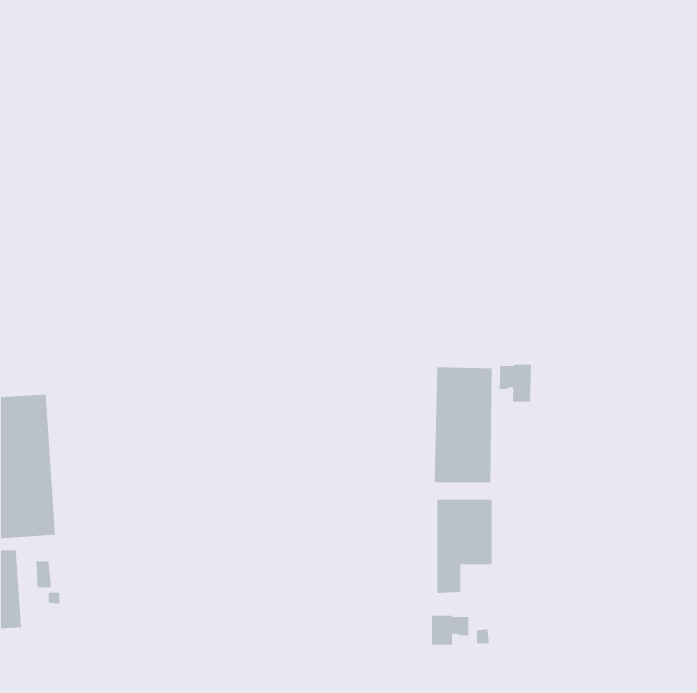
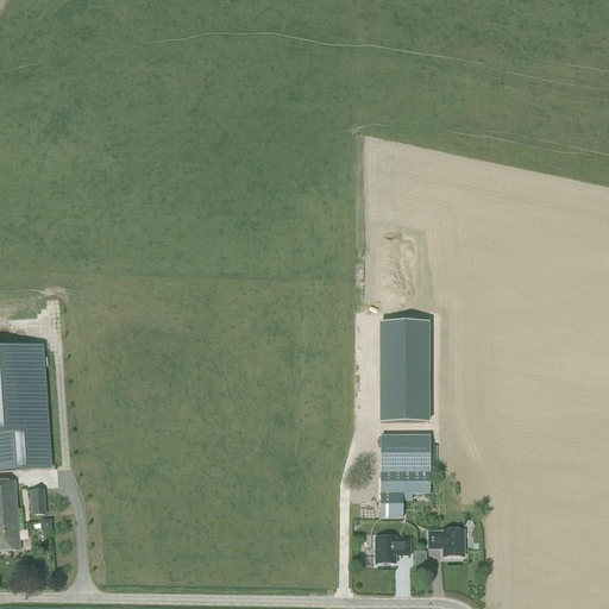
building: [499,364,531,403] -> none
building: none -> [428,528,463,555]

